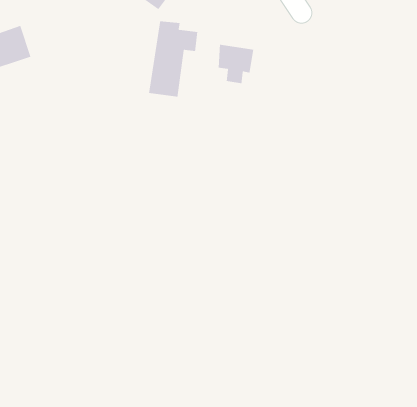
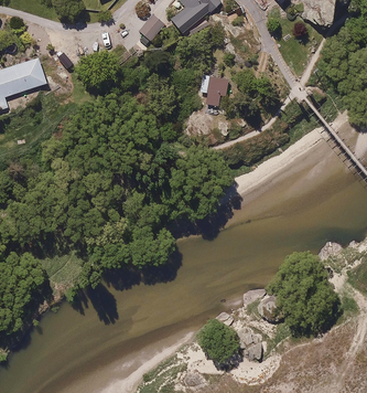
building: [148,20,198,97] -> none

